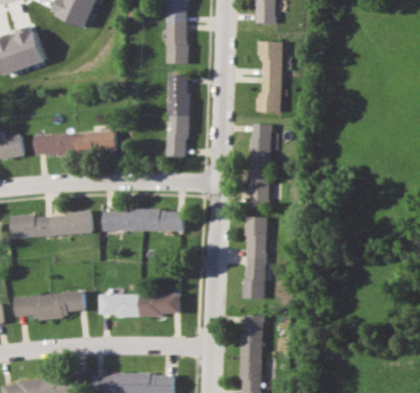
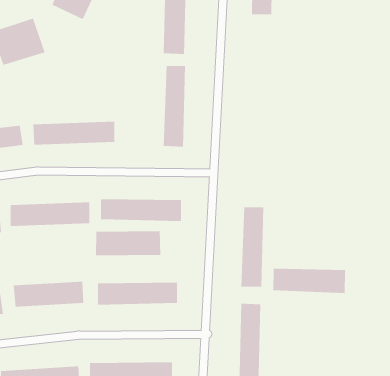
building: [256,40,283,112] -> none
building: [249,123,272,206] -> none
building: none -> [95,230,161,256]
building: none -> [273,268,345,294]

